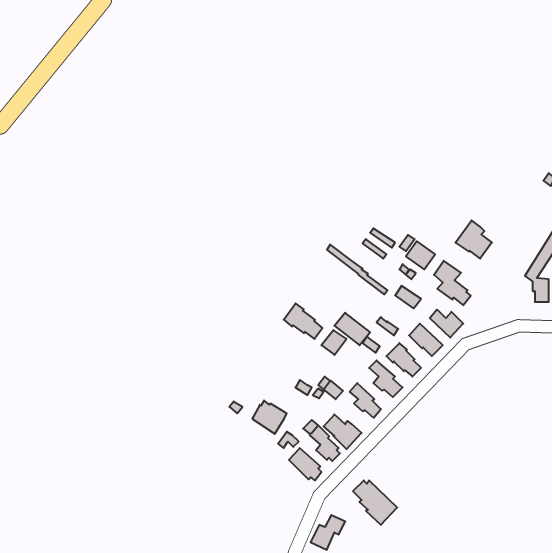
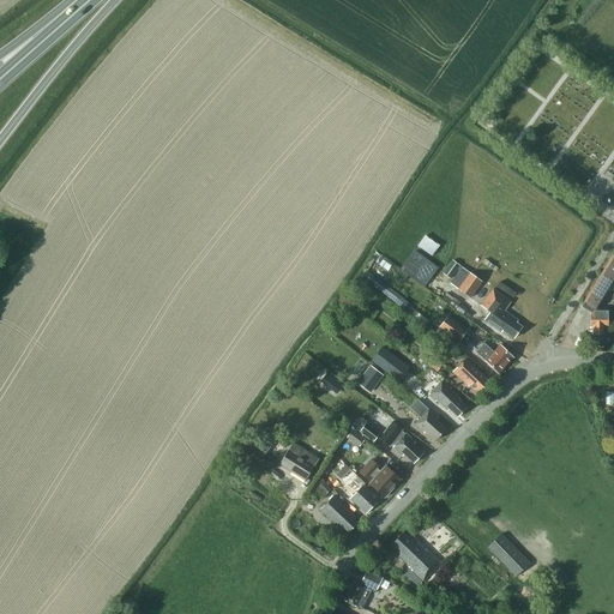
building: [455,220,492,259] -> none
building: [284,303,322,339] -> none
building: none -> [488,534,531,577]

